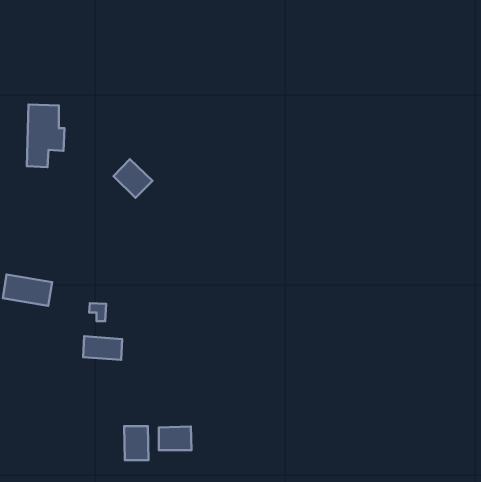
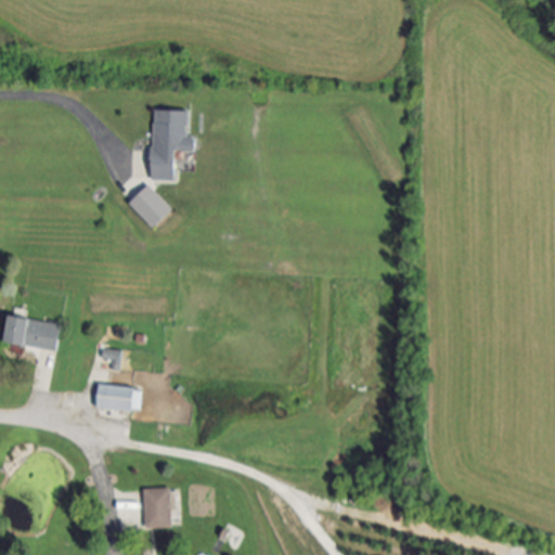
building: [27,105,65,167] -> [150,108,193,180]
building: [159,427,191,450] -> none

